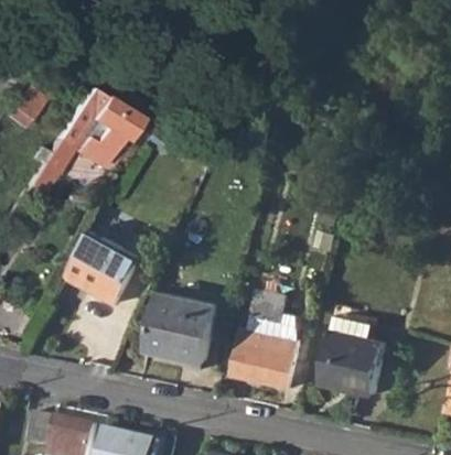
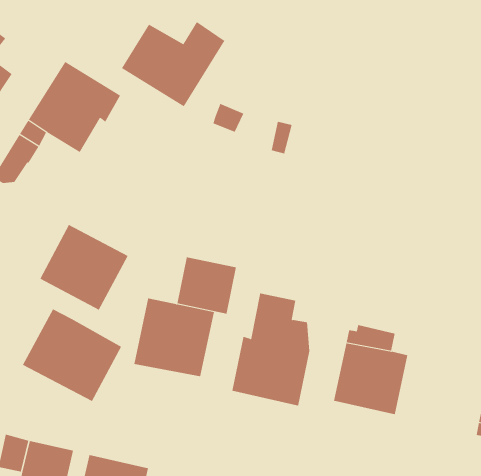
building: none -> [121,21,225,107]
building: none -> [177,257,236,314]
building: none -> [22,309,122,402]

